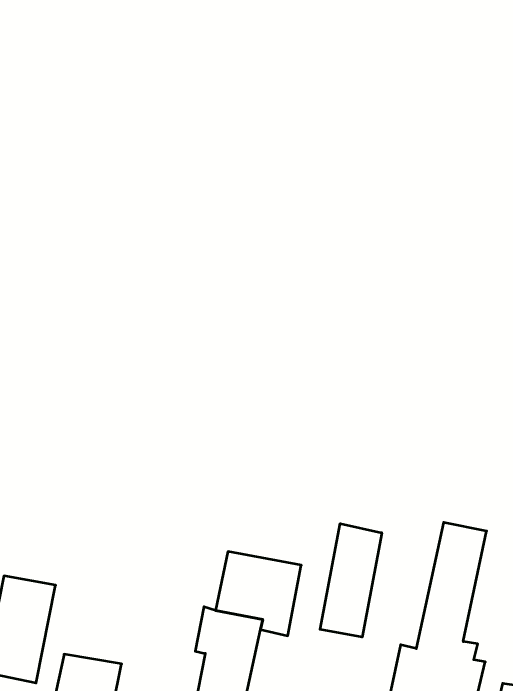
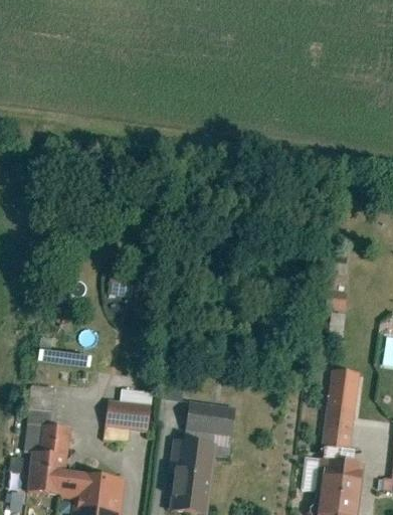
building: [320,524,382,637] -> none
building: none -> [100,389,150,444]

